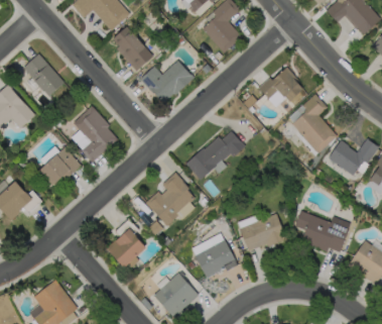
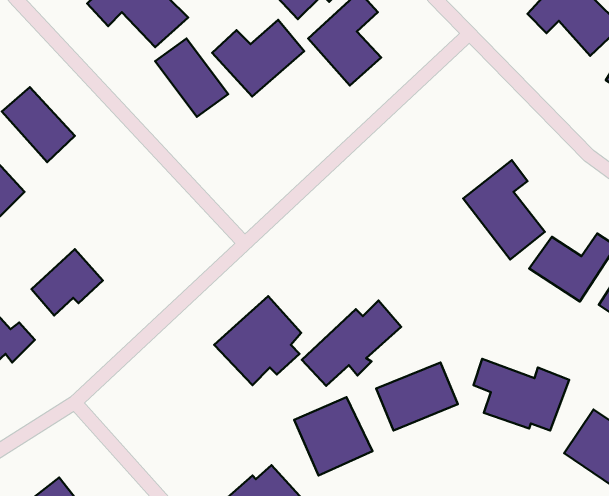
building: [140,60,194,104] -> [212,20,304,96]
building: [260,67,304,107] -> none
building: [71,106,119,161] -> none
building: [186,130,244,180] -> [302,301,401,386]
building: [107,228,146,271] -> none

